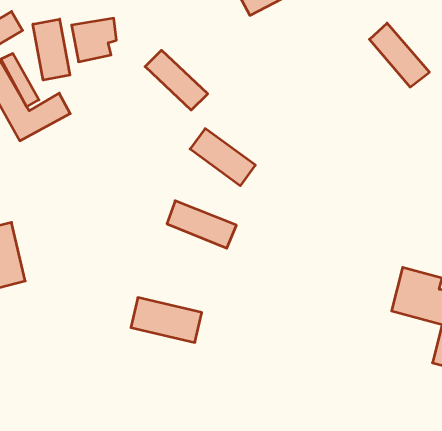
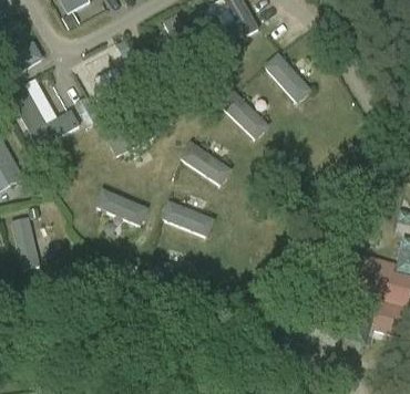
building: [33,19,70,80] -> none
building: [369,23,429,87] -> [260,50,309,102]
building: [145,50,208,110] -> [216,89,267,137]
building: [131,298,202,342] -> [89,188,146,225]

